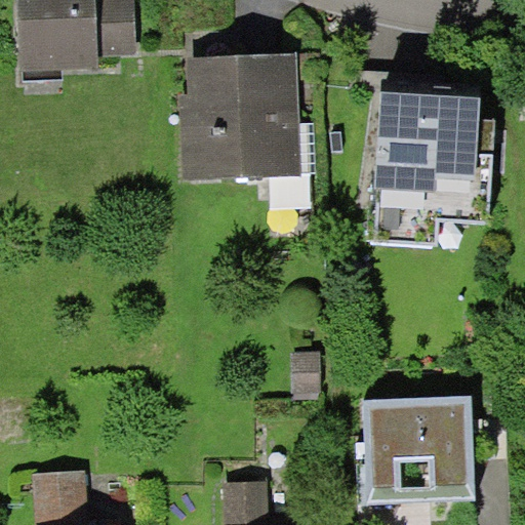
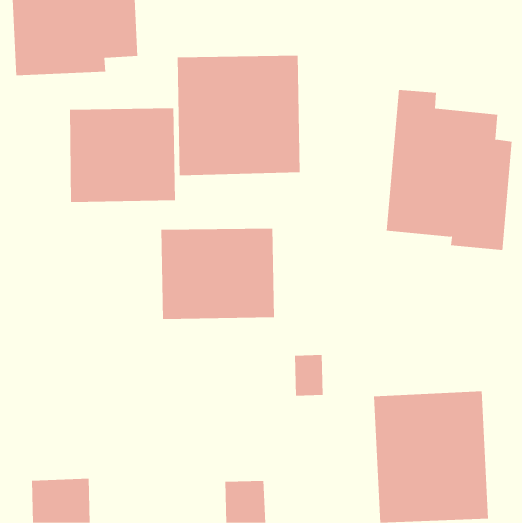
building: none -> [70,107,176,203]
building: none -> [161,228,275,320]

